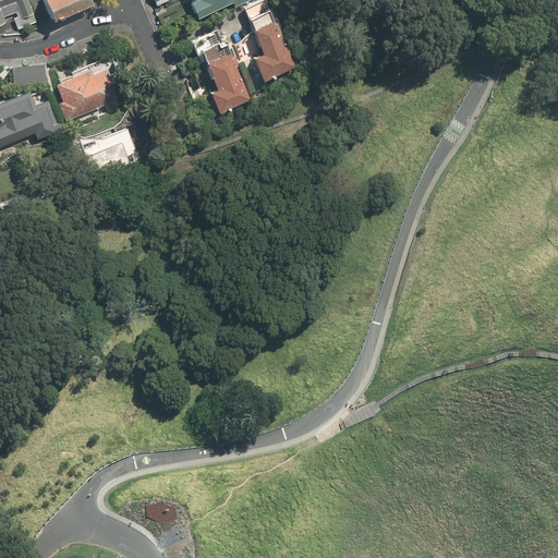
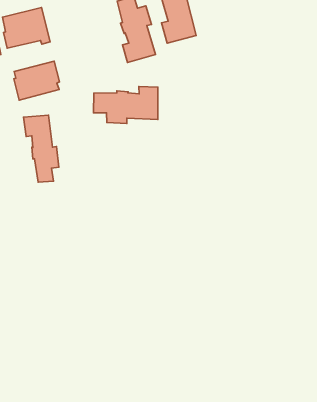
building: none -> [94,87,158,124]
building: none -> [23,115,59,182]

